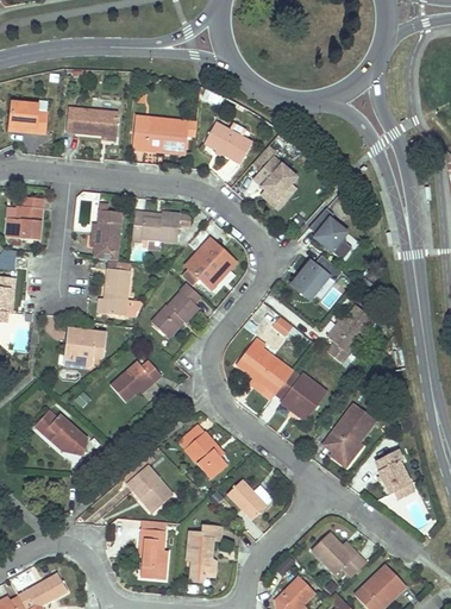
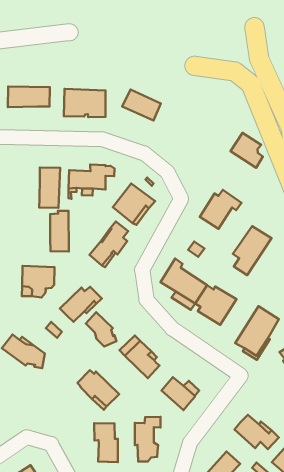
building: [253,146,296,199] -> none
building: [313,216,352,260] -> [230,133,263,168]
building: none -> [86,312,116,346]

